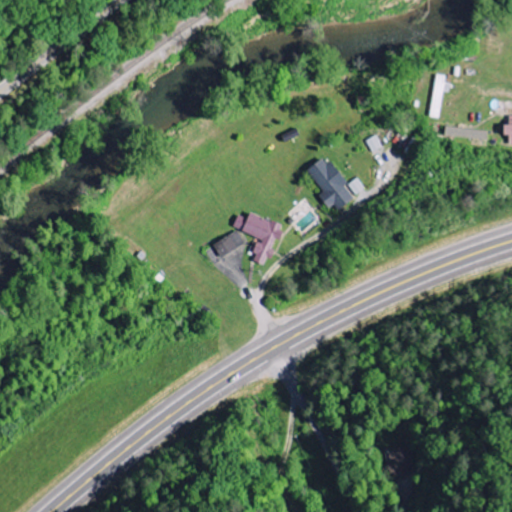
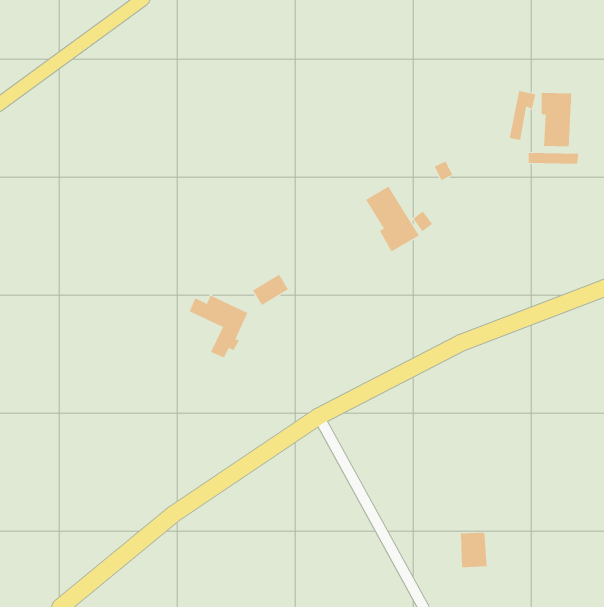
building: none -> [541,92,572,147]
building: [232,212,282,265] -> [189,295,248,358]

